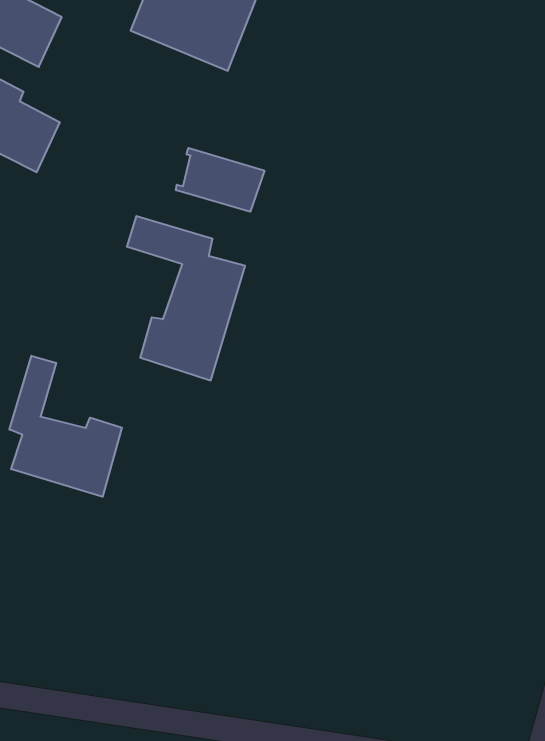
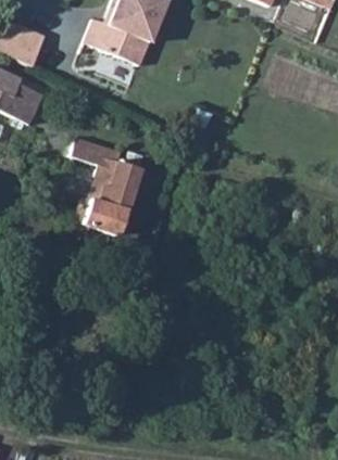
building: [176,148,264,212] -> none
building: [9,356,122,497] -> none

